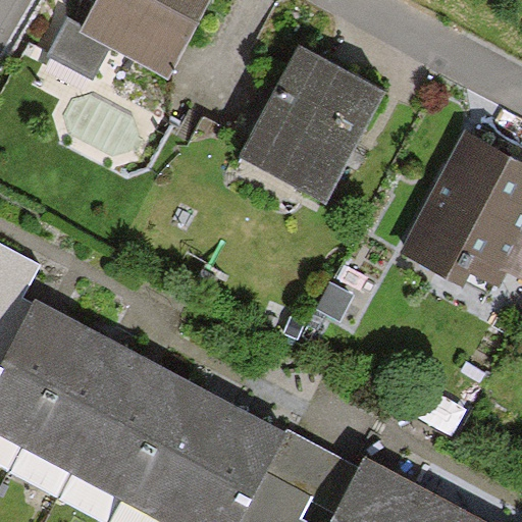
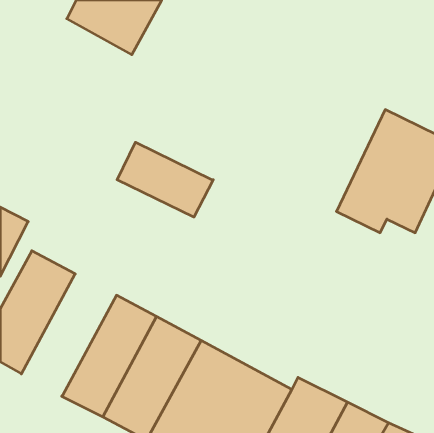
building: [239,45,376,199] -> none
building: none -> [117,142,213,217]
building: [30,331,143,476] -> none

